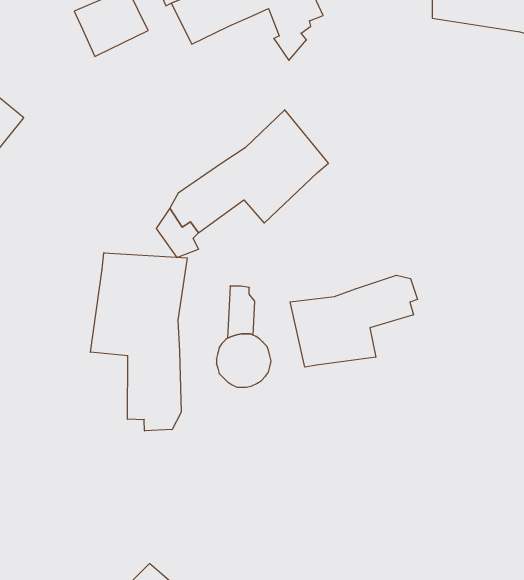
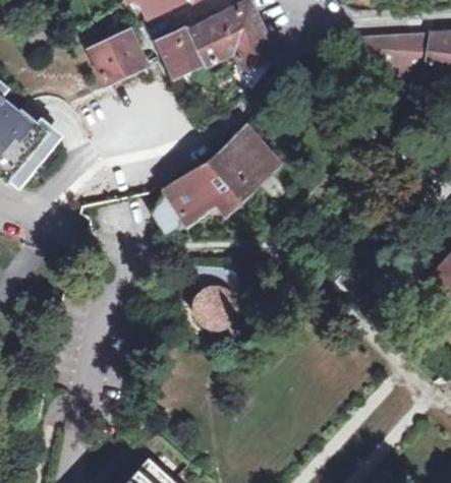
building: [90,253,187,431] -> none
building: [290,275,418,367] -> none

